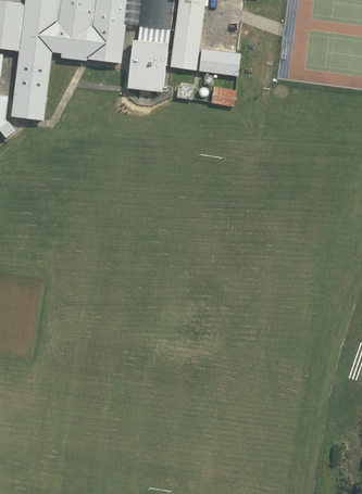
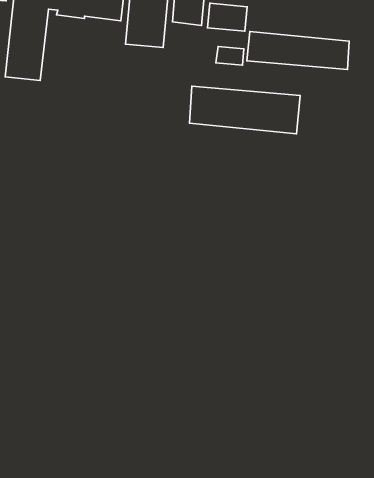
building: none -> [247,31,349,69]
building: none -> [190,86,300,134]

